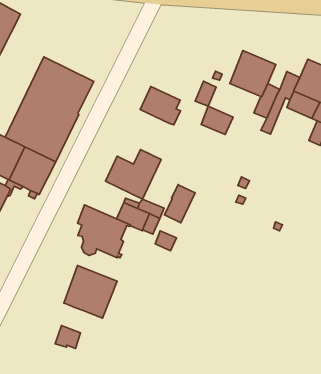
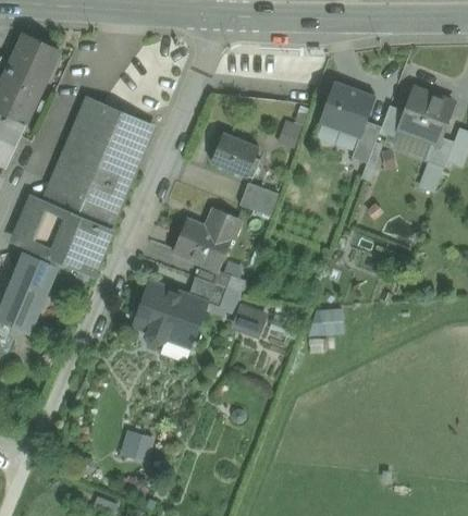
building: [201,106,233,134] -> [239,181,279,214]
building: [165,184,195,223] -> none
building: none -> [316,305,345,333]
building: [64,265,117,318] -> none

